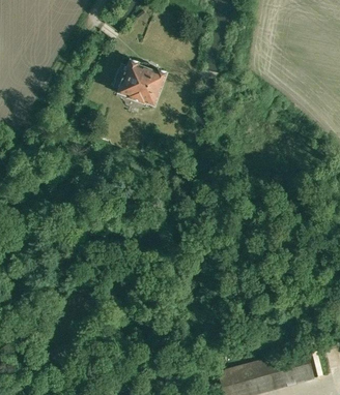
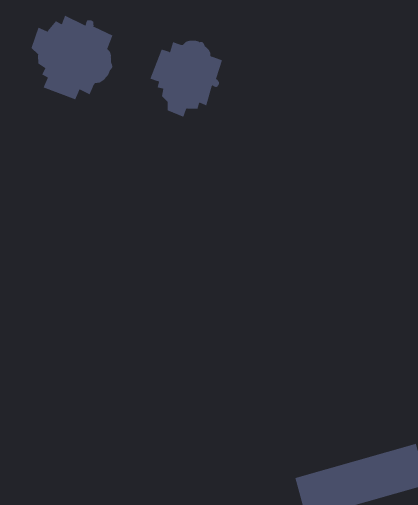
building: none -> [31,15,113,100]

